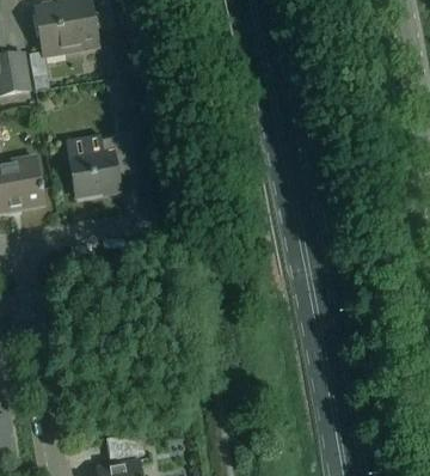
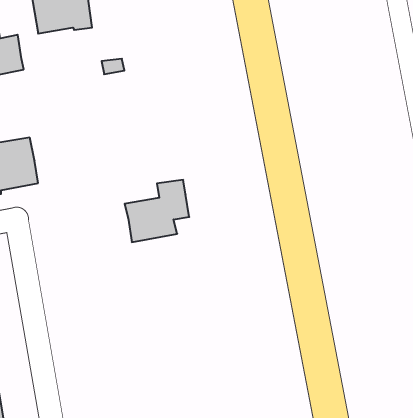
building: [68,135,133,197] -> [125,180,189,242]

